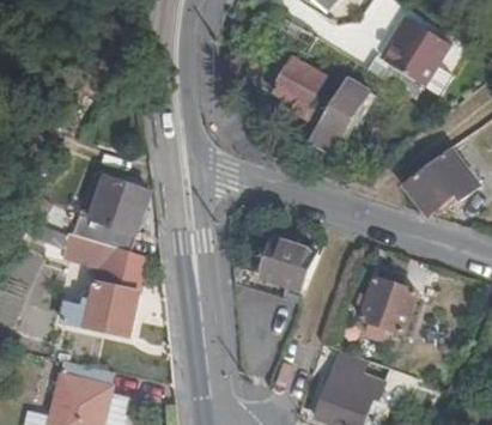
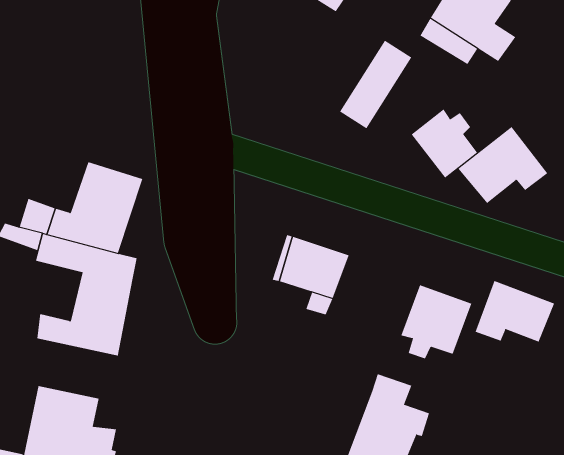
building: [273,57,324,122] -> none
building: none -> [411,108,478,179]
building: none -> [475,280,555,342]

